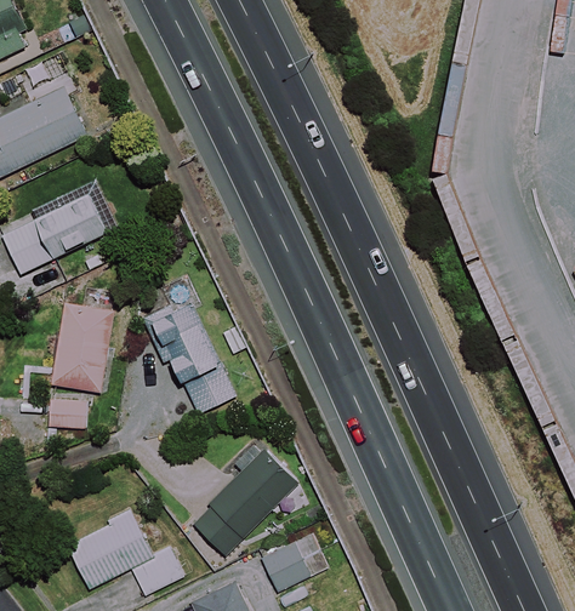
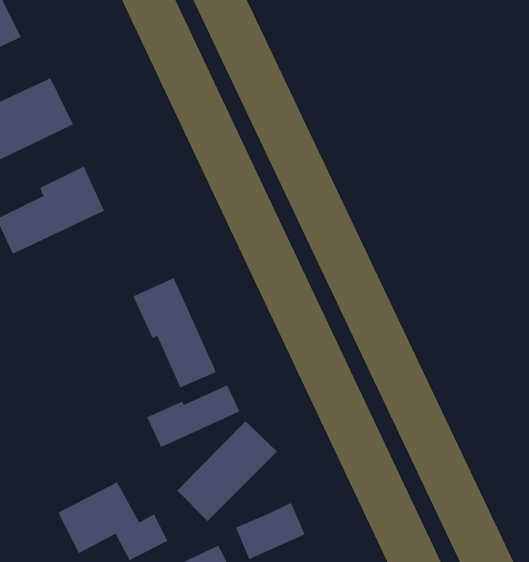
building: [45,289,115,430] -> none
building: none -> [146,384,240,448]

